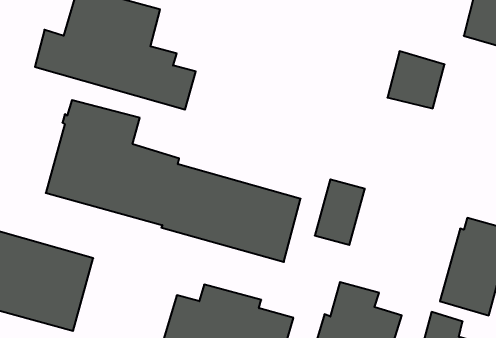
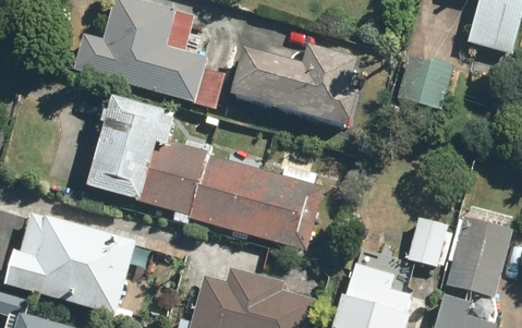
building: none -> [230,47,356,124]
building: [315,179,365,245] -> [404,219,450,279]

